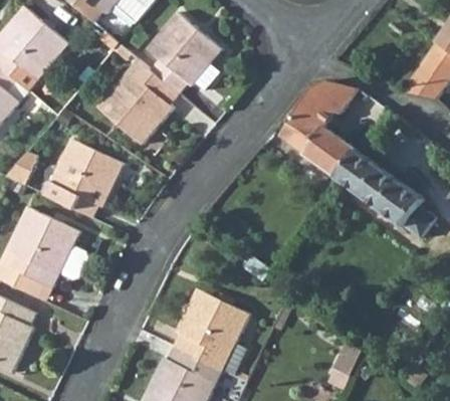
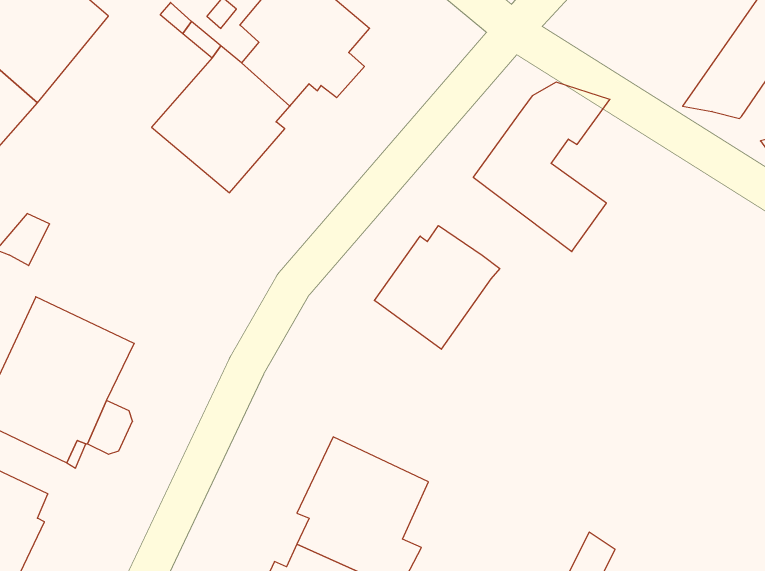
building: [40,137,120,218] -> none
building: [336,151,434,240] -> none
building: none -> [374,226,500,349]

